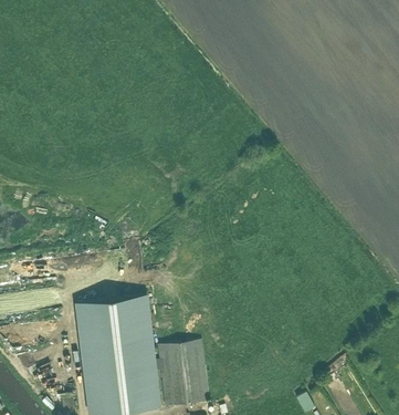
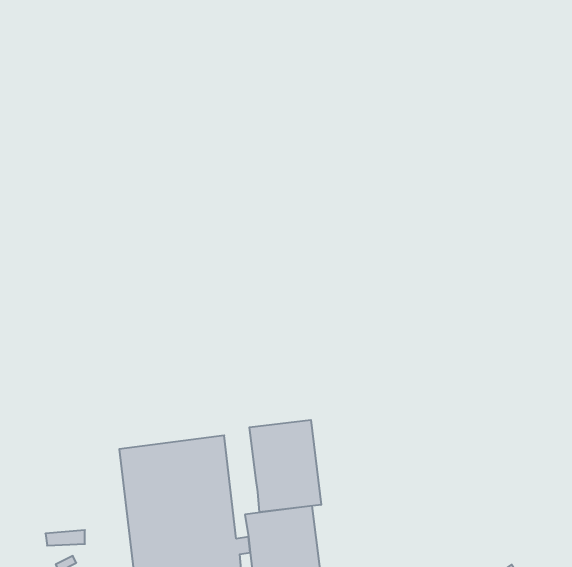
building: none -> [249,420,321,512]

